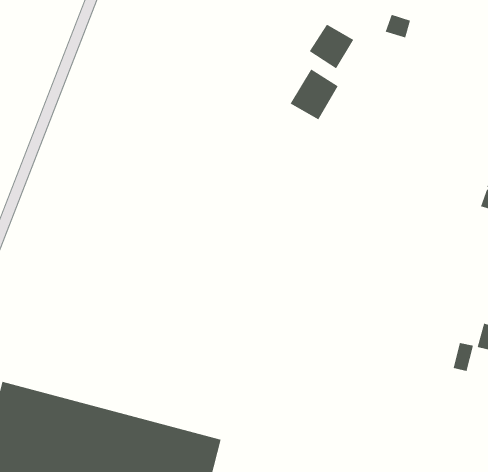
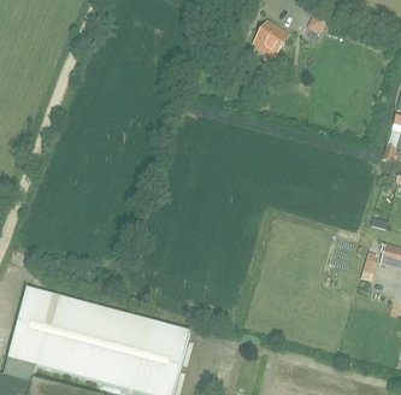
building: [290,69,339,120] -> none

